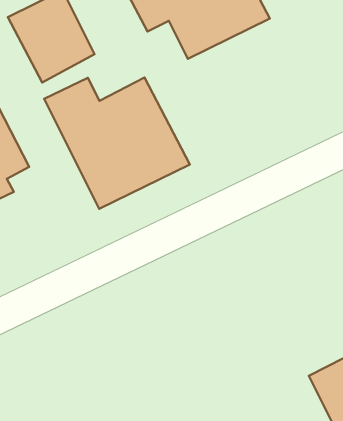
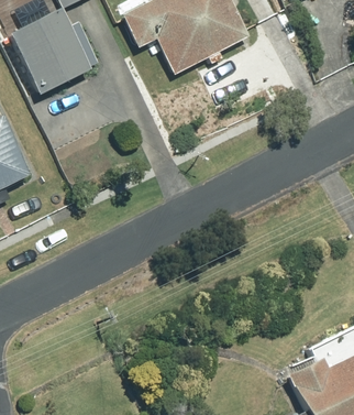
building: [44,78,190,209] -> none

